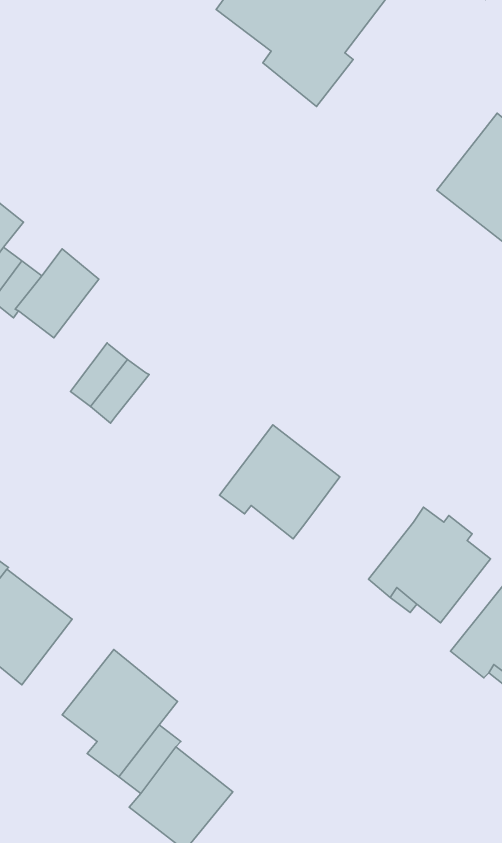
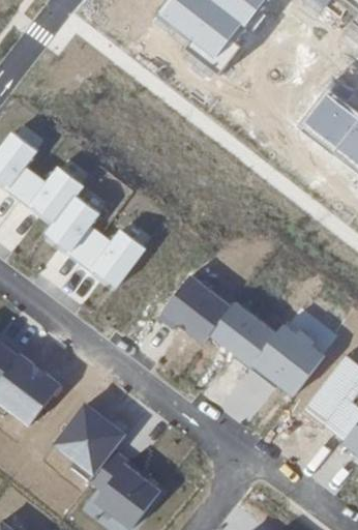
building: none -> [46,189,99,245]
building: none -> [93,226,146,283]
building: none -> [210,298,277,365]

